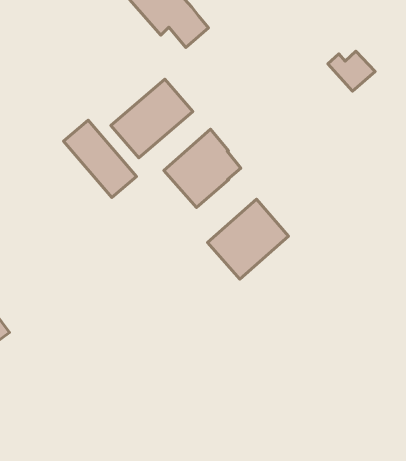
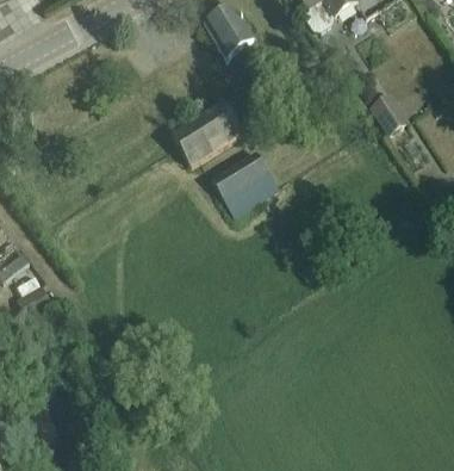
building: [63,120,137,198] -> none
building: [208,199,289,279] -> none

